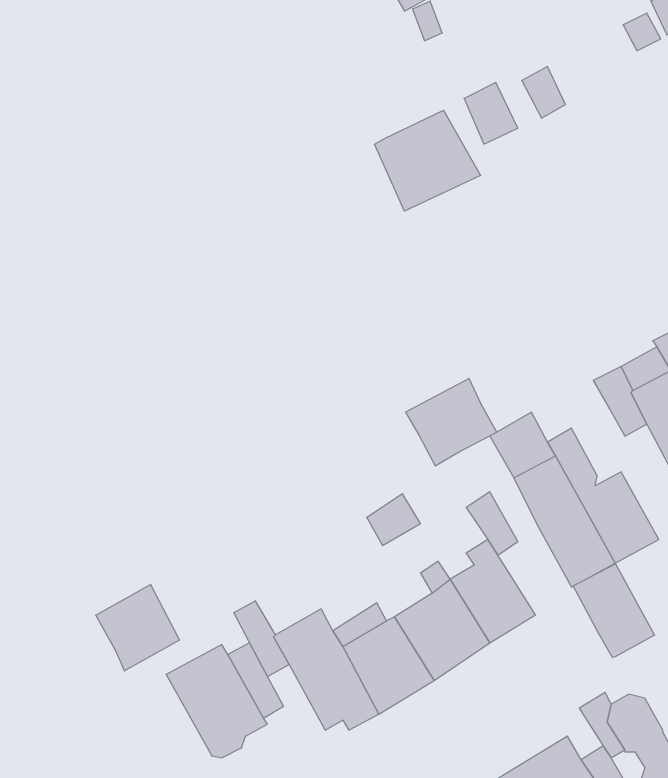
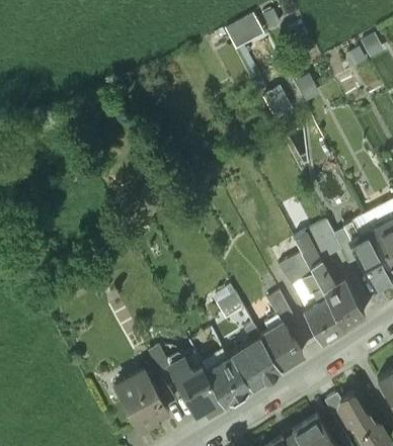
building: [374,110,481,211] -> none
building: [406,378,497,466] -> [294,222,340,267]
building: [573,564,655,657] -> none
building: [96,584,180,671] -> none

